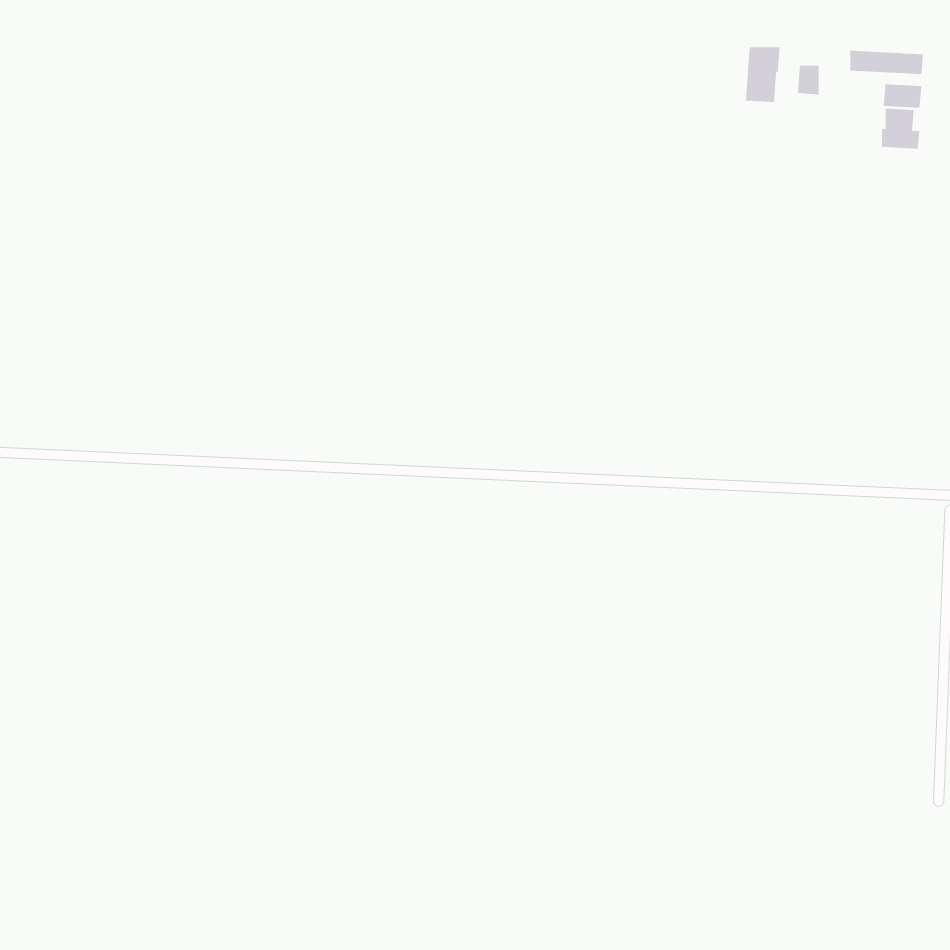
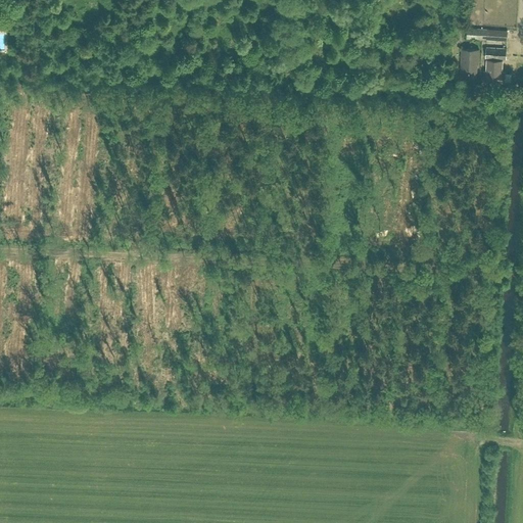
building: [745,47,780,103] -> [459,50,478,81]

